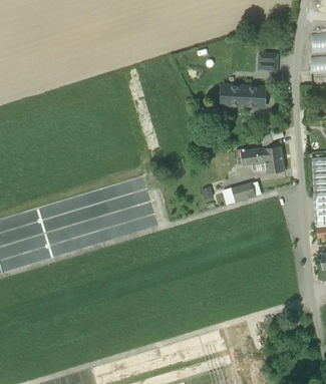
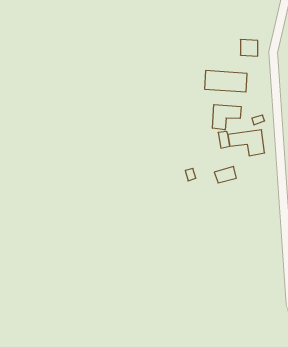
building: none -> [213,105,241,130]

